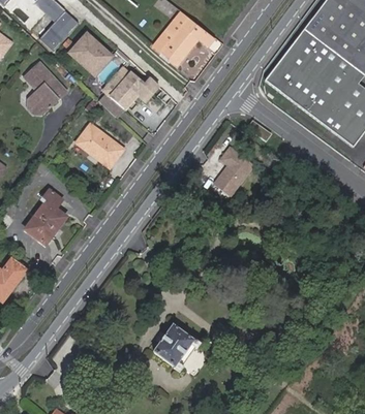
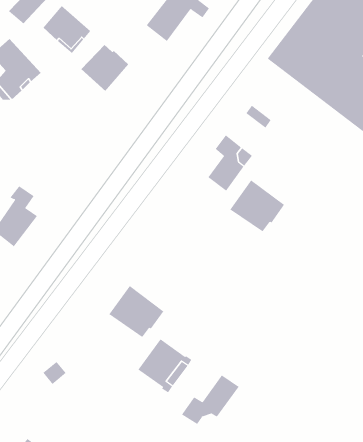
building: [75,124,122,167] -> none
building: none -> [230,180,285,232]
building: none -> [108,285,164,338]
building: none -> [181,375,240,425]

